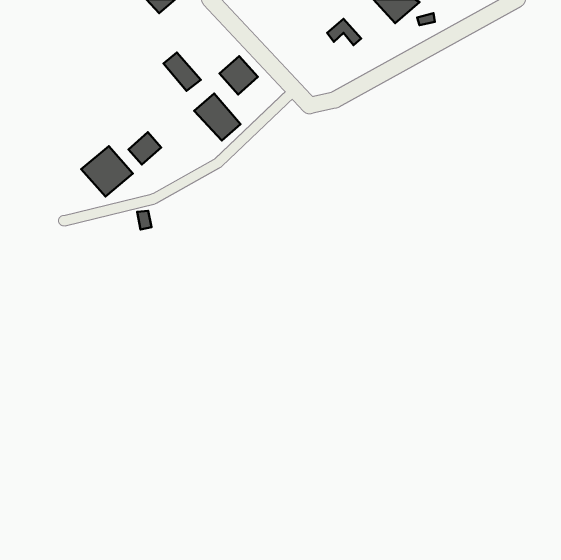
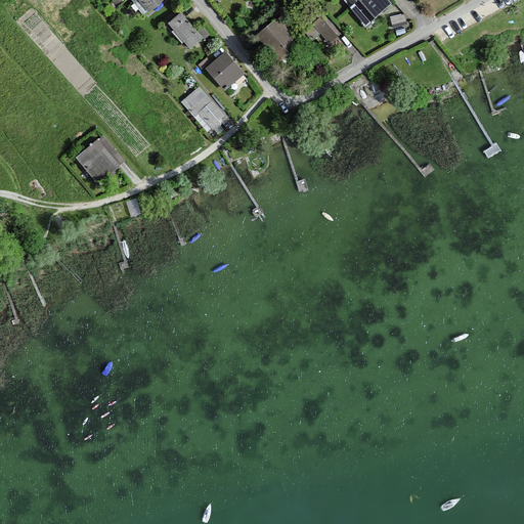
building: none -> [257,14,300,60]
building: [164,52,201,91] -> [168,12,203,48]
building: [128,132,161,165] -> none

